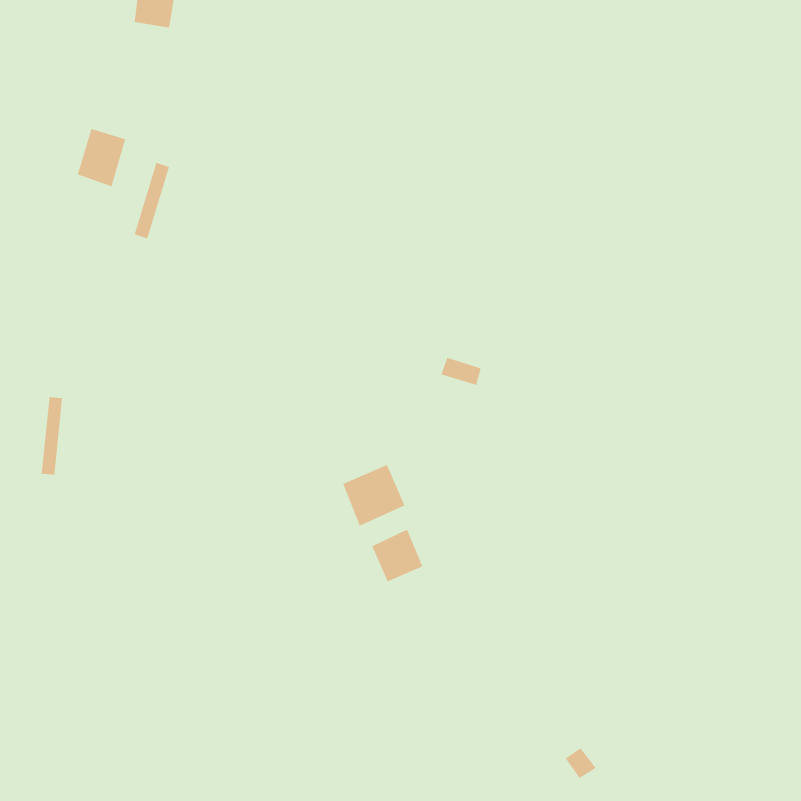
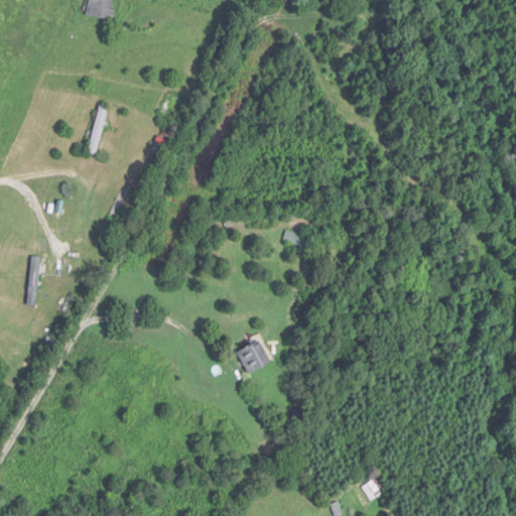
building: [77,128,126,187] -> none
building: [343,464,405,526] -> none

